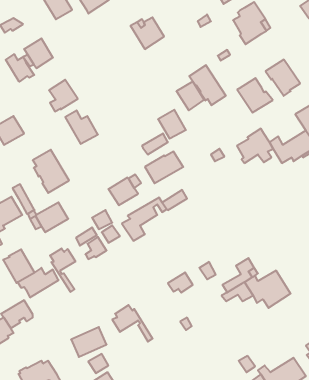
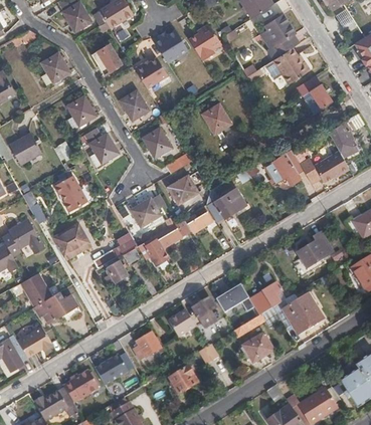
building: none -> [191,29,221,61]
building: none -> [92,44,121,73]
building: none -> [135,58,170,93]
building: [6,54,34,82] -> none
building: [189,65,226,105] -> none
building: none -> [121,90,149,121]
building: [237,78,273,113] -> [271,47,309,83]
building: [158,110,186,139] -> [143,127,172,157]
building: none -> [207,193,245,222]
building: none -> [297,232,333,268]
building: [50,248,75,292] -> none
building: none -> [168,312,196,337]
building: none -> [242,334,272,363]
building: none -> [169,367,198,394]
building: none -> [66,371,101,404]

